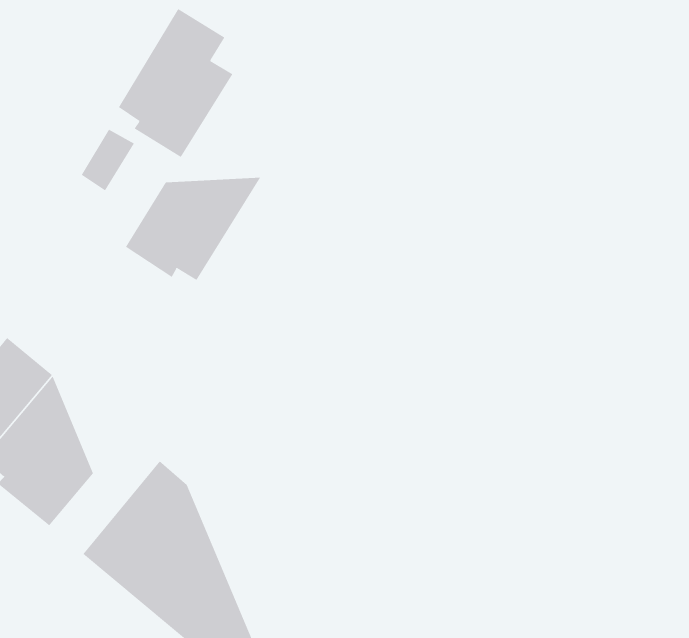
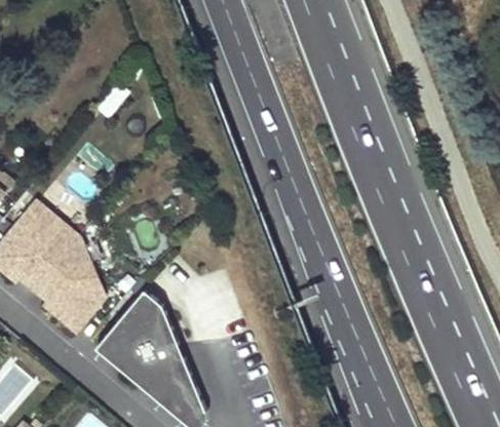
building: [118,8,233,158] -> none
building: [125,177,261,281] -> none

